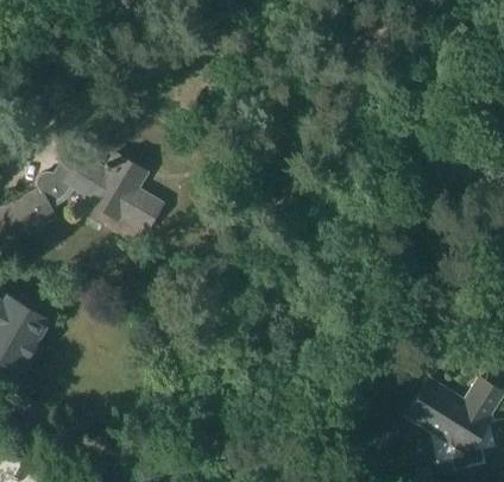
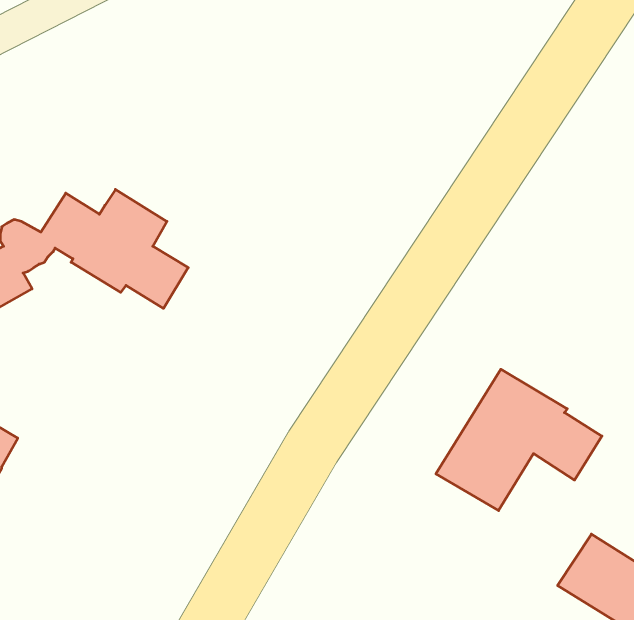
building: none -> [436,369,602,511]

